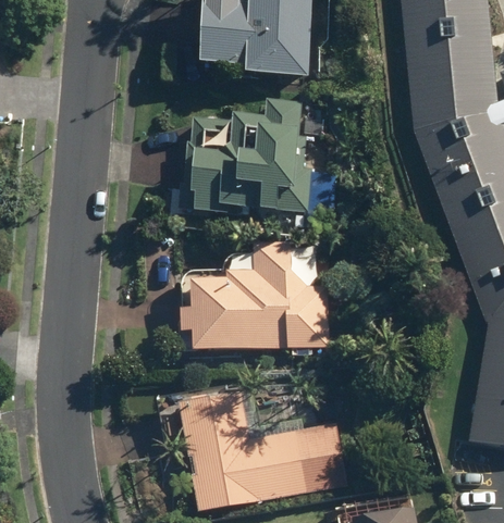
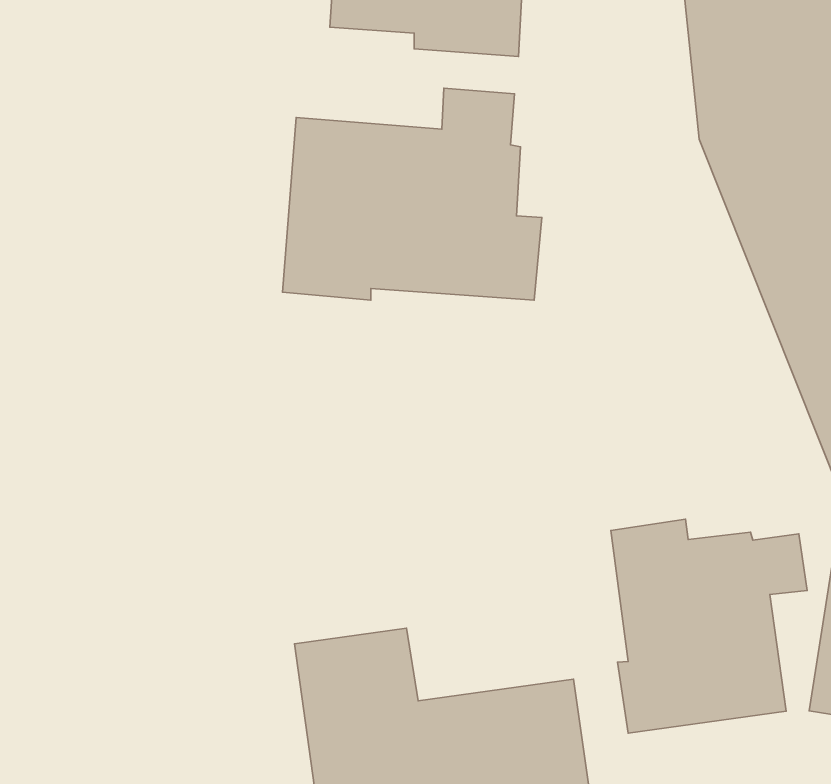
building: [183,232,333,356] -> none
building: none -> [611,519,807,733]

